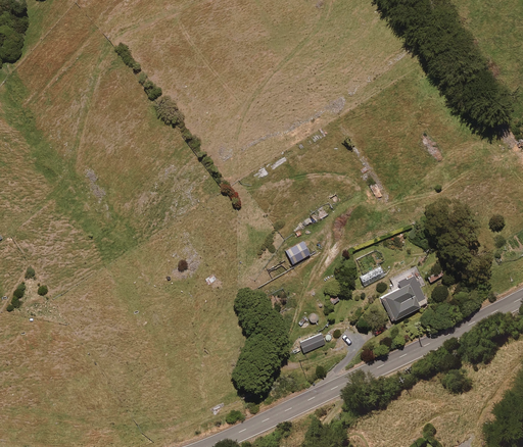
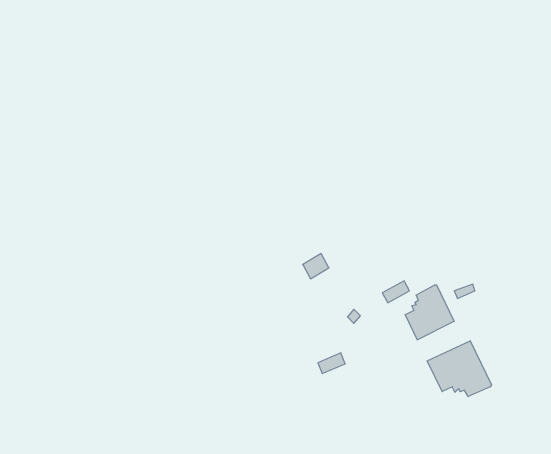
building: none -> [427,341,492,397]

